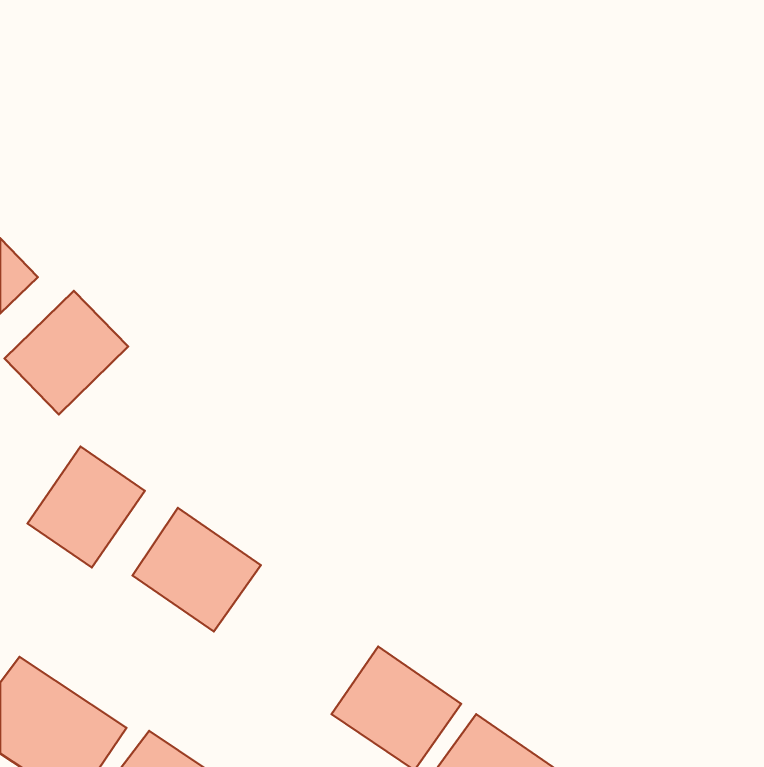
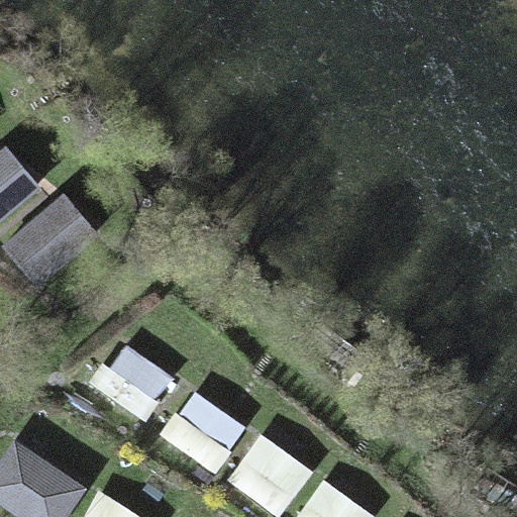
building: [27,447,145,568] -> none
building: none -> [160,390,246,473]

